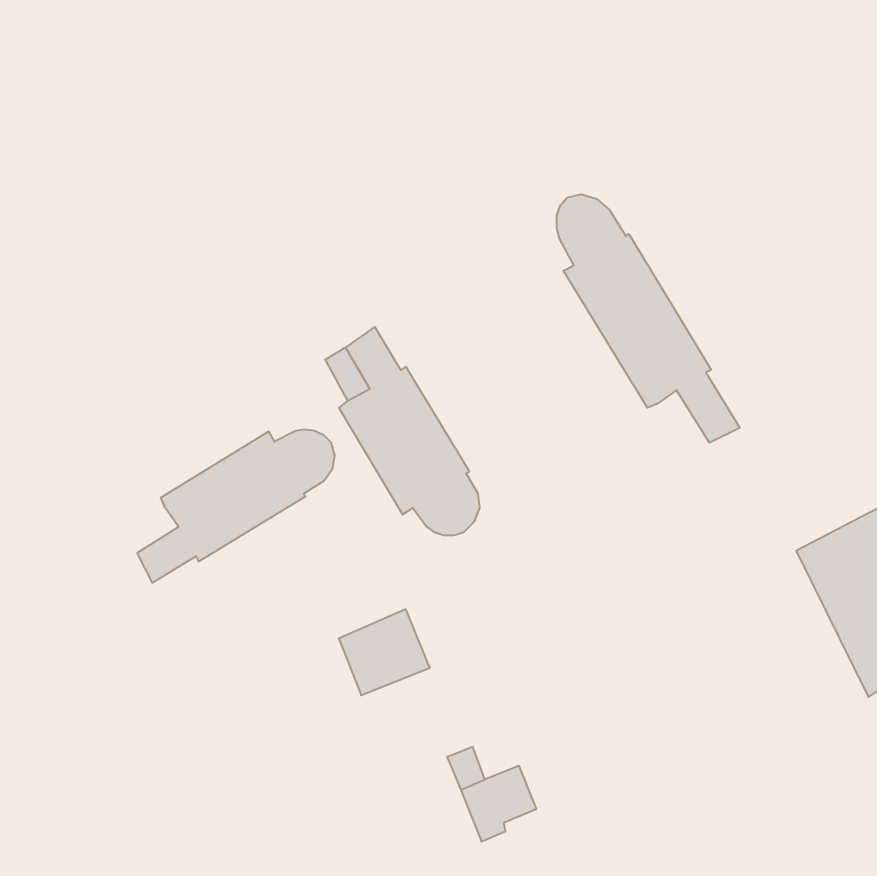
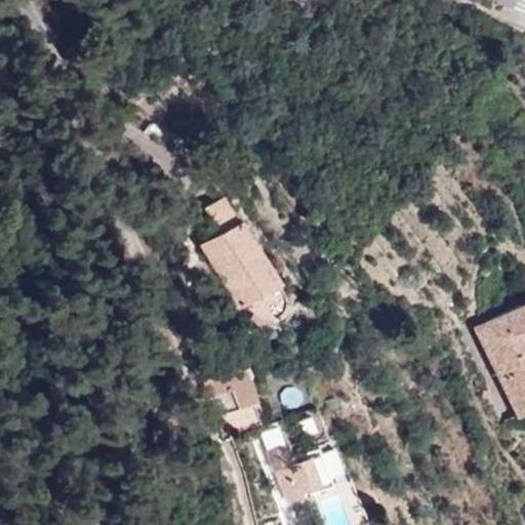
building: [557,194,740,443] -> none
building: [137,429,335,583] -> none

